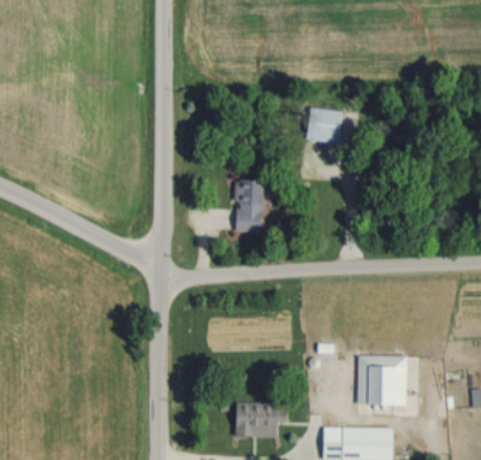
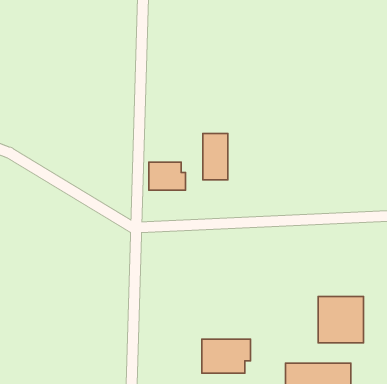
building: [305,107,343,145] -> none
building: none -> [149,162,186,190]

